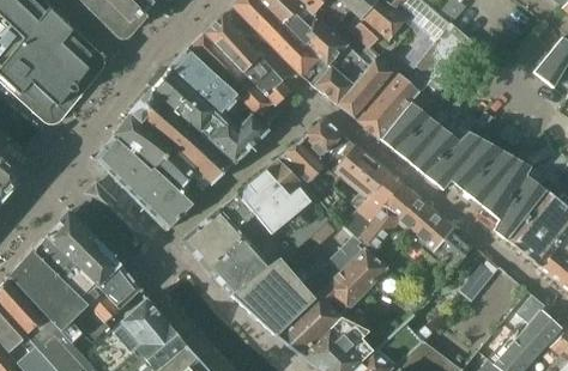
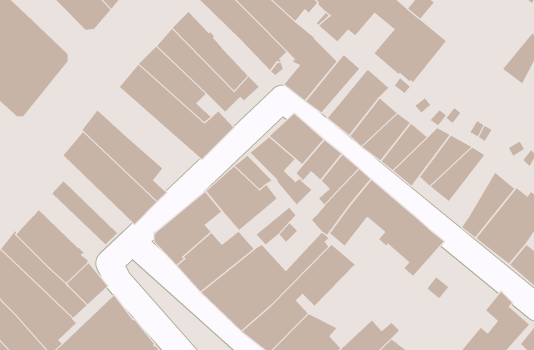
building: [129,90,234,186] -> none
building: [481,159,531,220] -> none

